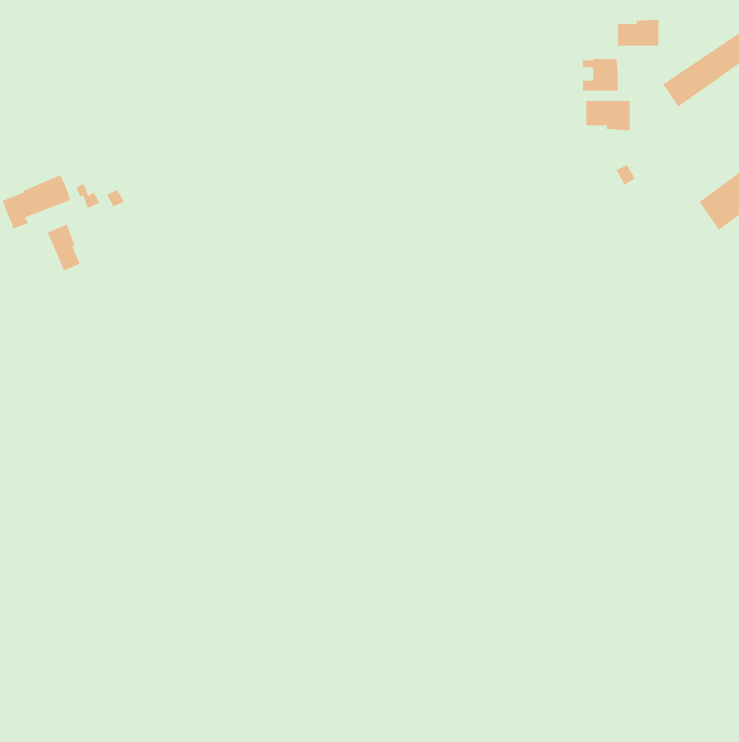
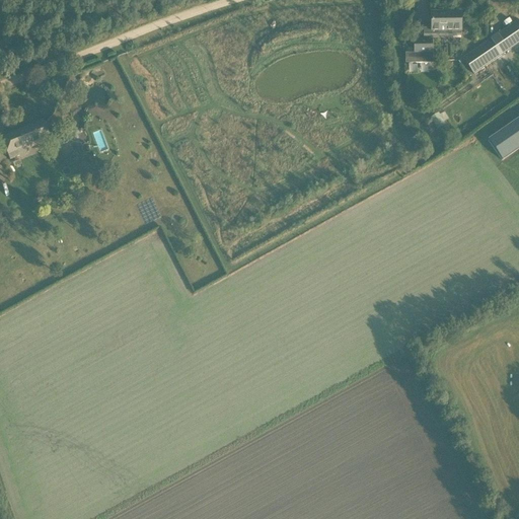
building: [586,100,631,131] -> none
building: [47,223,81,272] -> none

